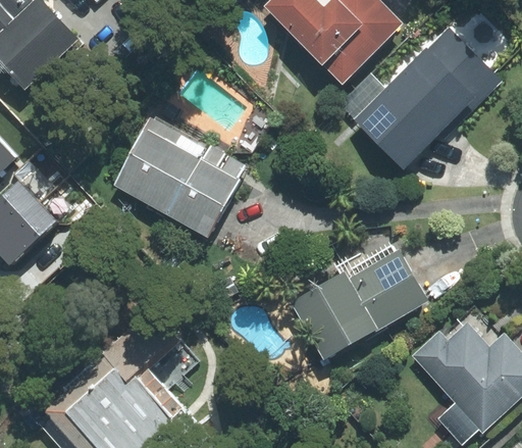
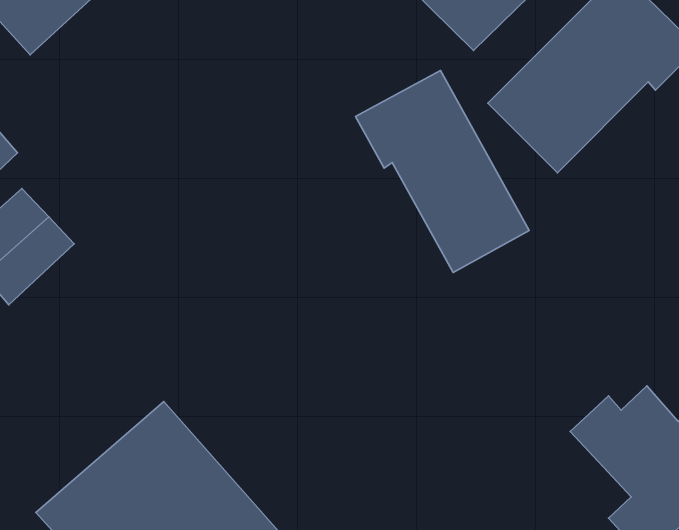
building: none -> [356,71,529,273]
building: [113,117,244,236] -> none
building: [294,251,427,357] -> none

